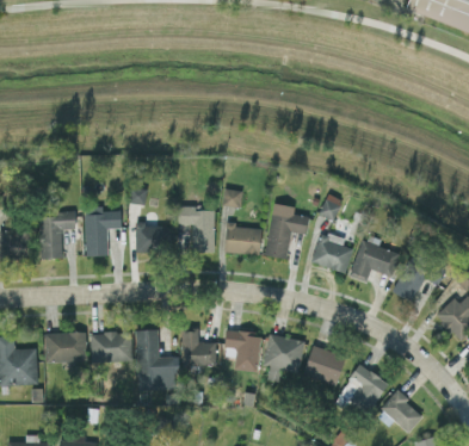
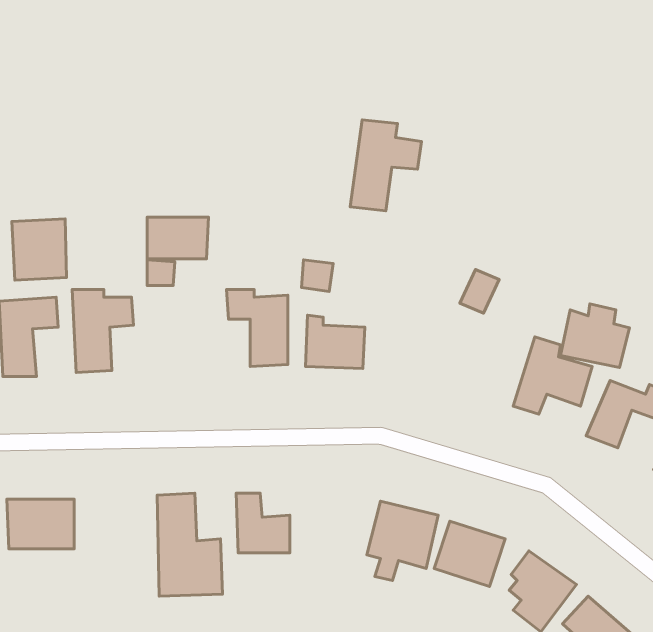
building: none -> [12,219,67,280]
building: [265,204,308,259] -> [350,120,421,211]
building: [135,225,172,250] -> [147,217,208,259]
building: [310,234,352,272] -> [560,304,630,367]
building: [90,332,131,363] -> none
building: [223,332,259,372] -> none

